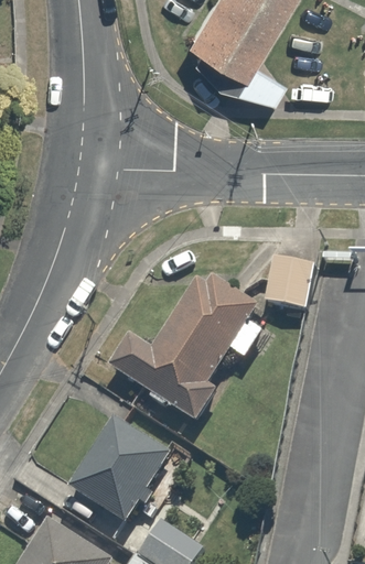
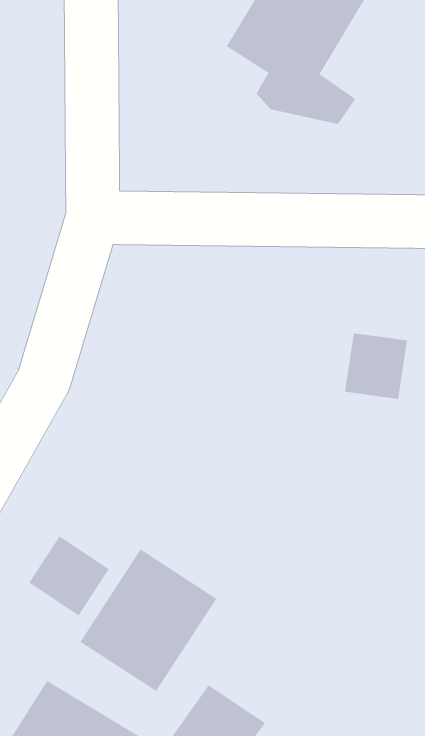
building: [110,273,256,415] -> none
building: none -> [28,535,109,616]

